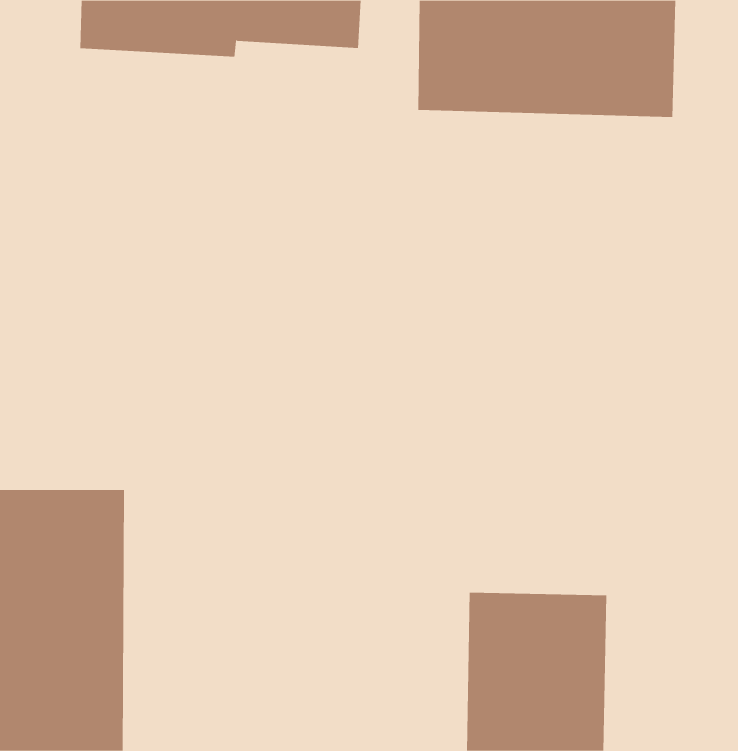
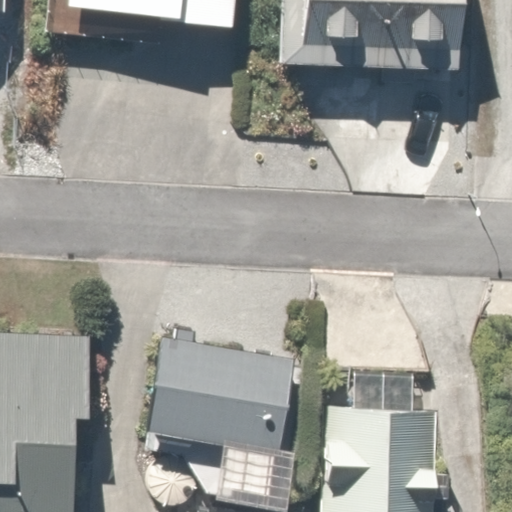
building: none -> [150,339,304,500]

